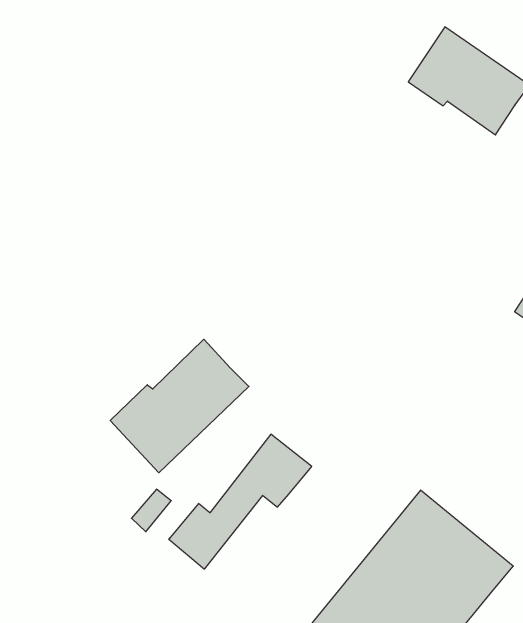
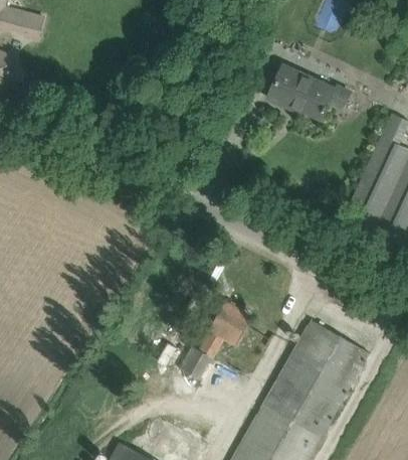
building: [110,339,249,473] -> none

